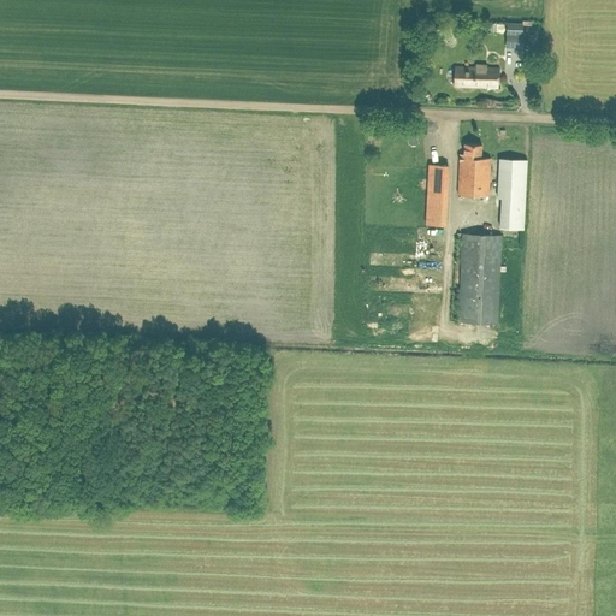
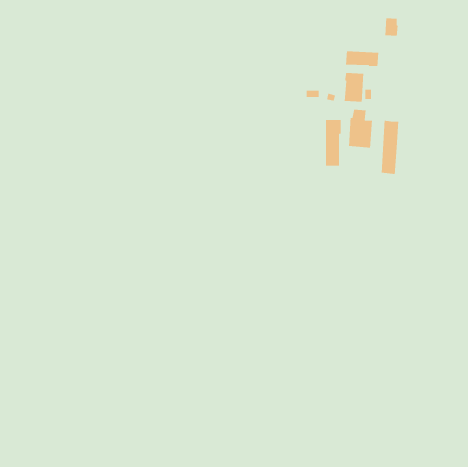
building: none -> [344,72,364,103]
building: [458,235,500,324] -> none

